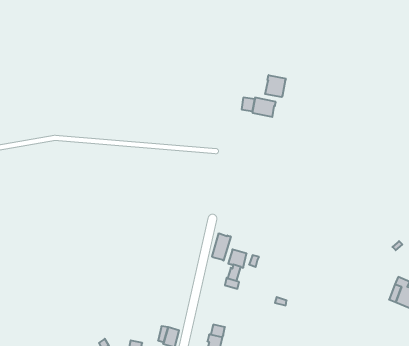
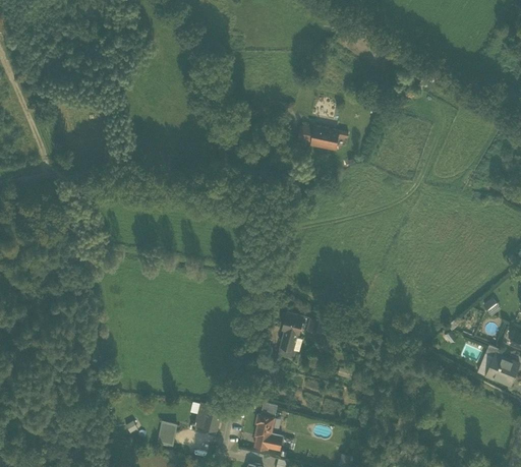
building: [265,75,286,97] -> none
building: [212,233,231,261] -> none

